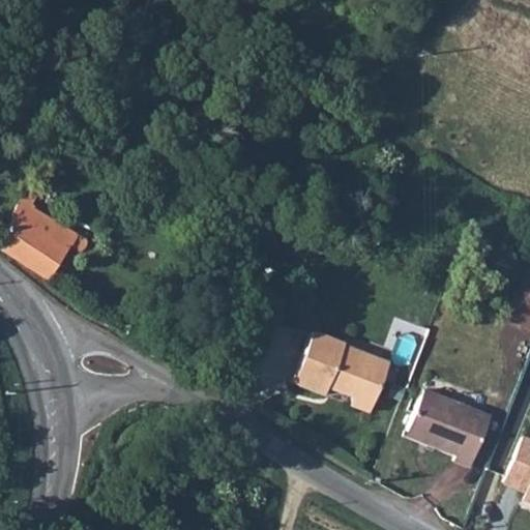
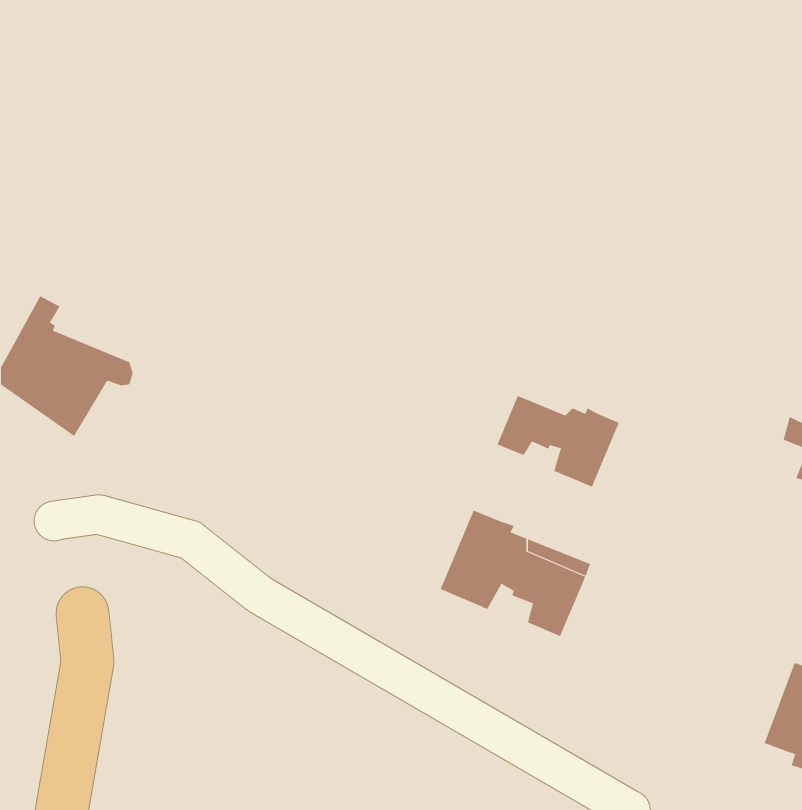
building: none -> [497,395,620,487]
building: [408,388,491,465] -> none

